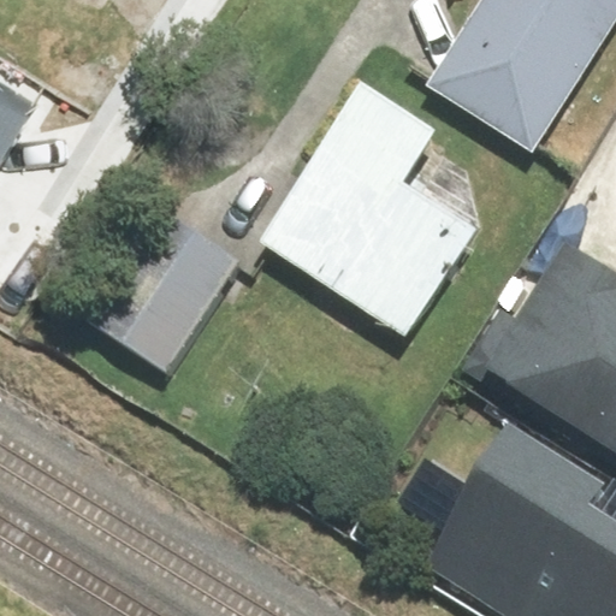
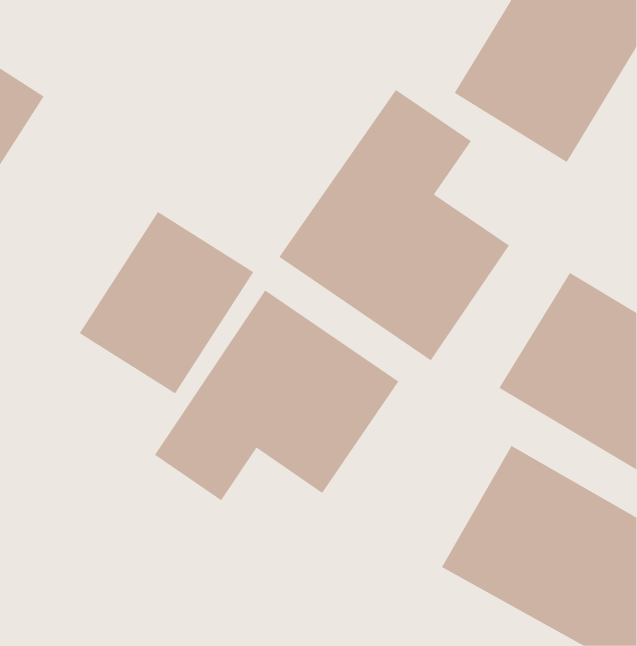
building: none -> [154,290,399,501]

